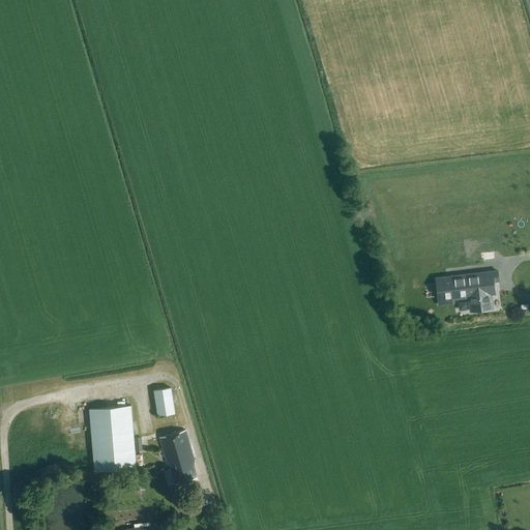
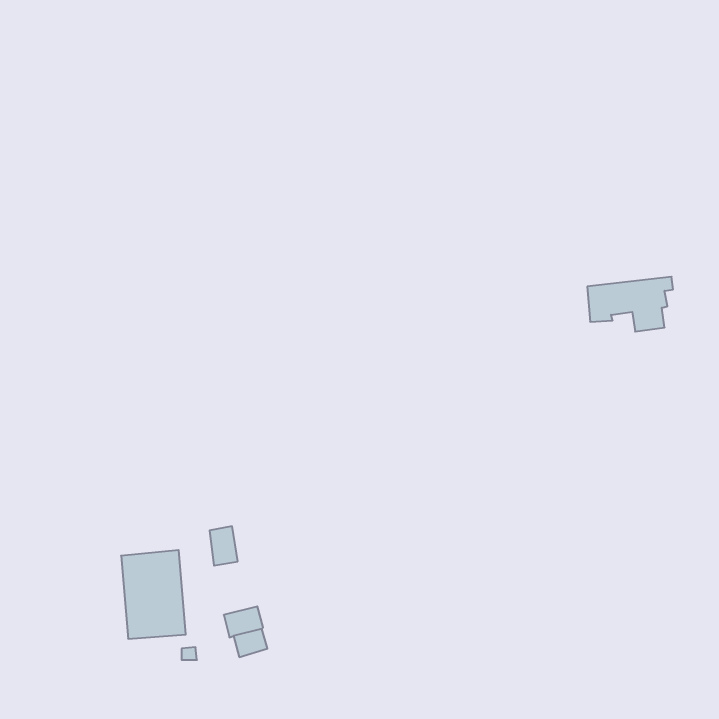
building: [436,271,499,312] -> [587,277,673,332]
building: [160,431,189,452] -> none

